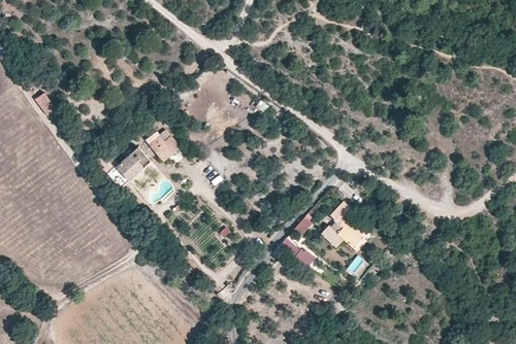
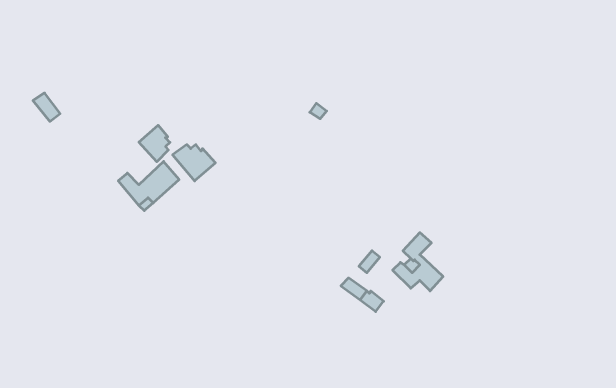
building: none -> [139,125,170,162]

